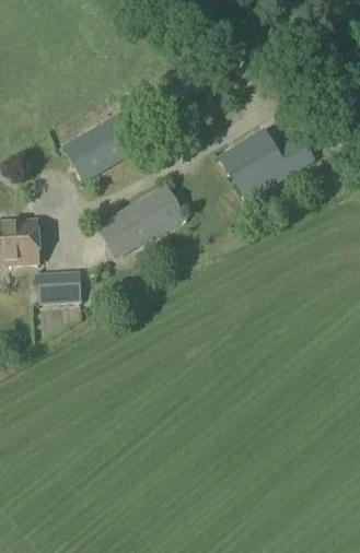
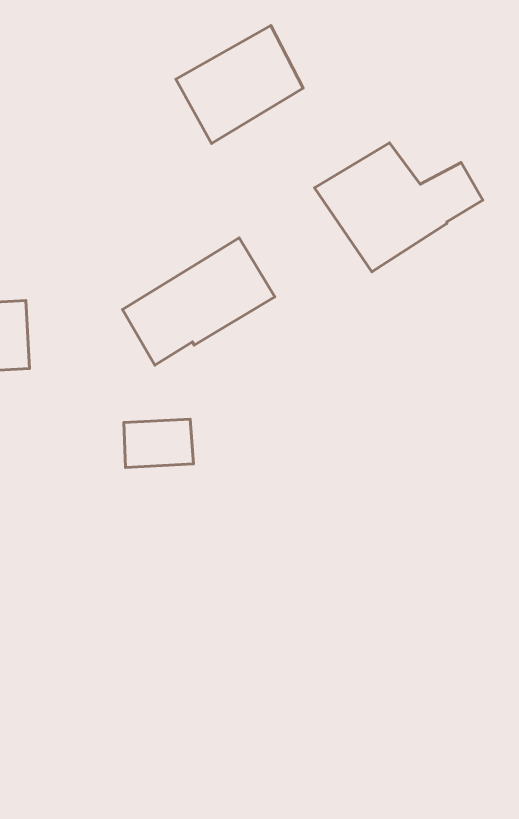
building: [61,110,139,183] -> [176,25,303,144]
building: [38,272,81,302] -> [124,419,194,467]

